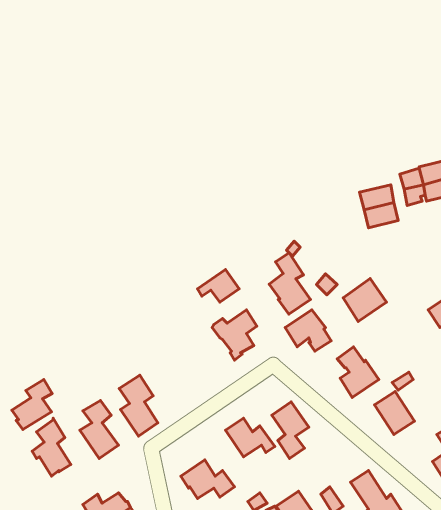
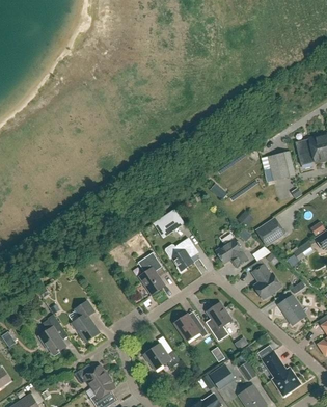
building: [269,253,310,314] -> none
building: [119,375,158,436] -> [138,252,165,295]
building: [12,379,52,430] -> none

